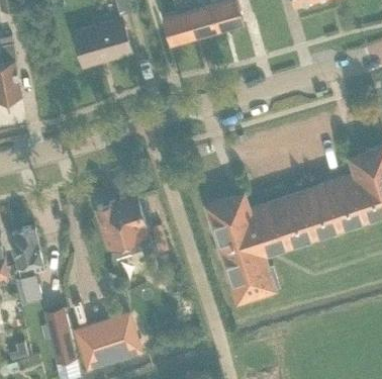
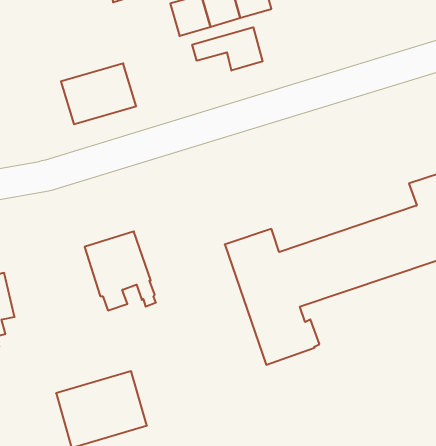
building: [72,19,130,67] -> [61,63,136,124]
building: none -> [192,27,263,71]
building: [47,300,75,357] -> none

